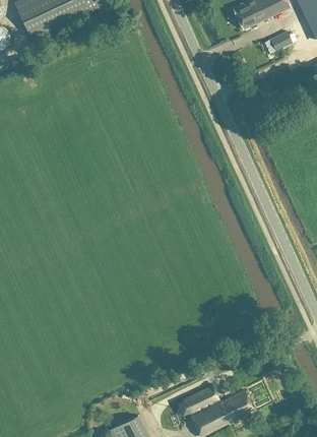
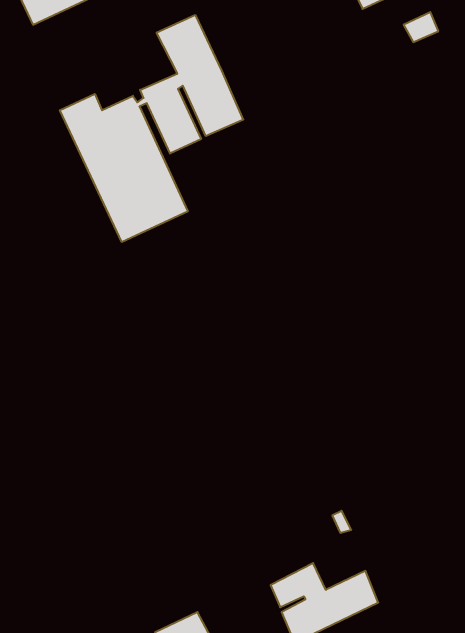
building: none -> [60,15,243,242]

